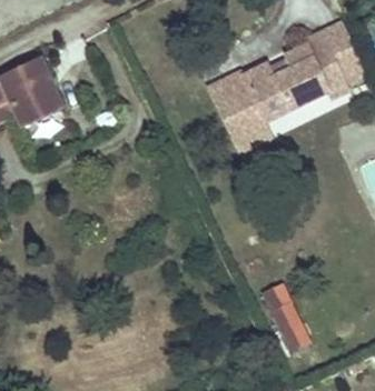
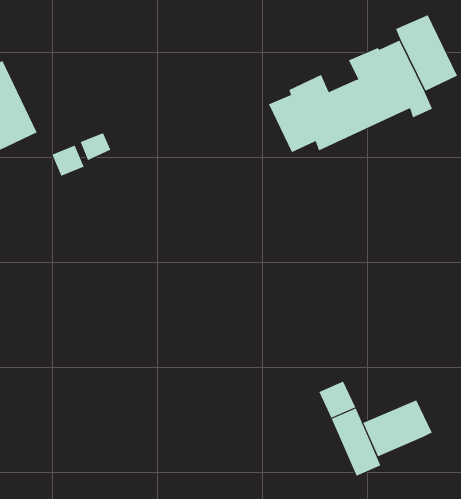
building: [210,73,272,151] -> none
building: none -> [363,399,432,457]

